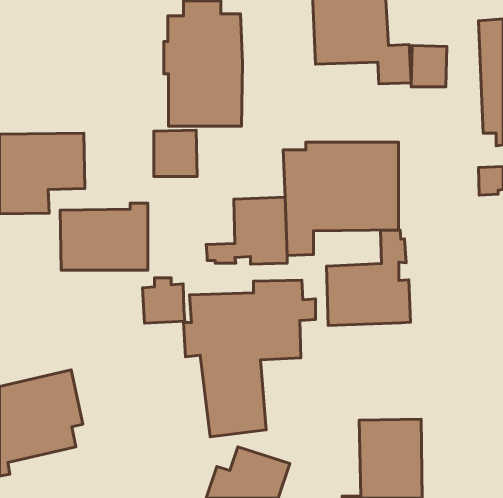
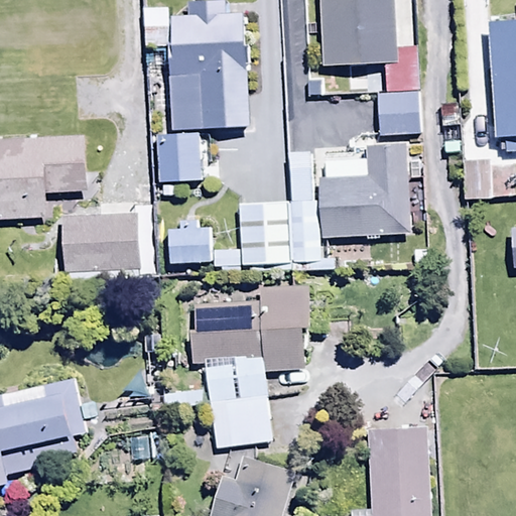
building: [411,45,447,87] -> [377,93,413,135]
building: [326,230,411,326] -> none
building: [143,278,185,323] -> [168,218,212,264]

